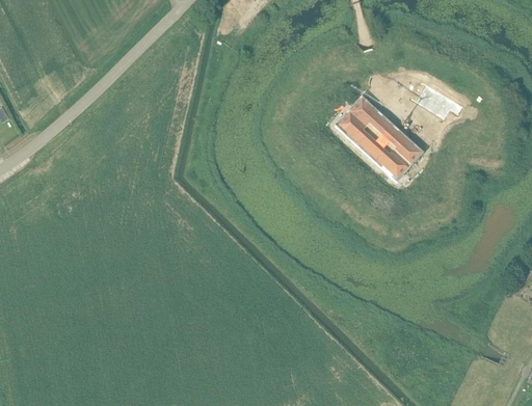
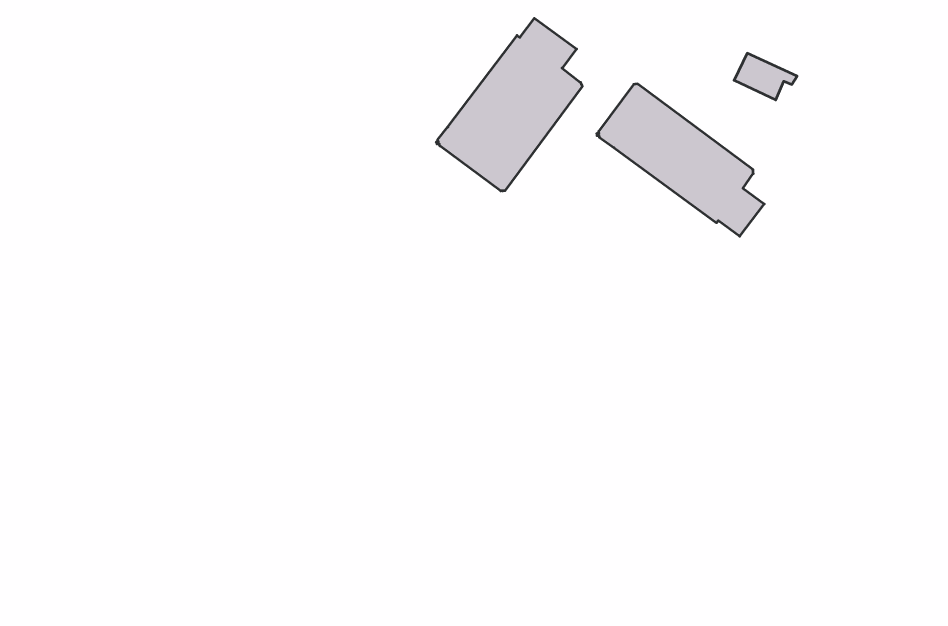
building: none -> [436,18,582,191]

